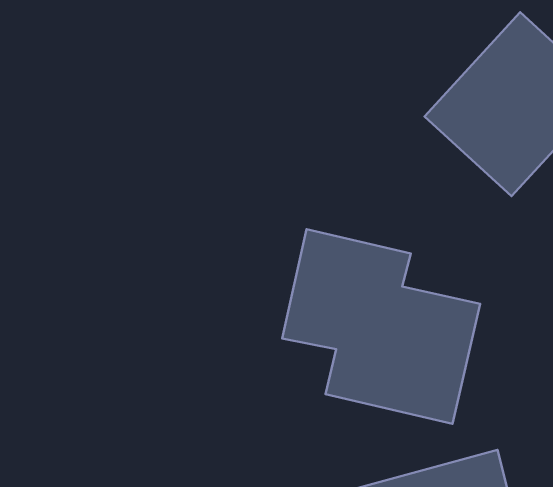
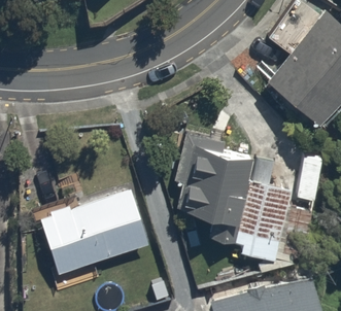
building: none -> [40,188,151,275]

